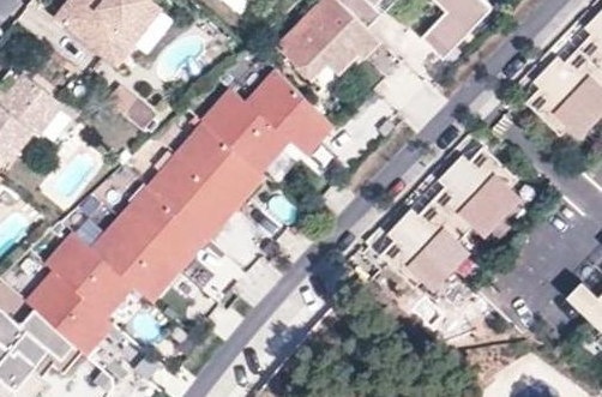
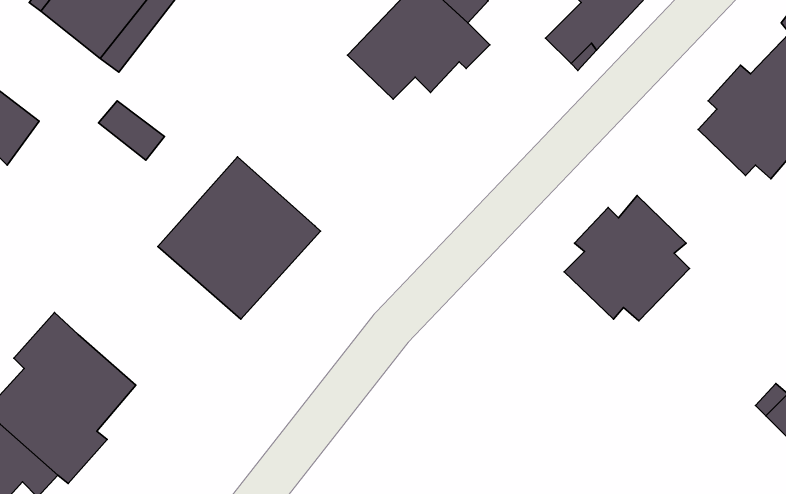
building: [200,72,332,173] -> none
building: [89,187,204,301] -> none
building: [383,205,470,294] -> none

